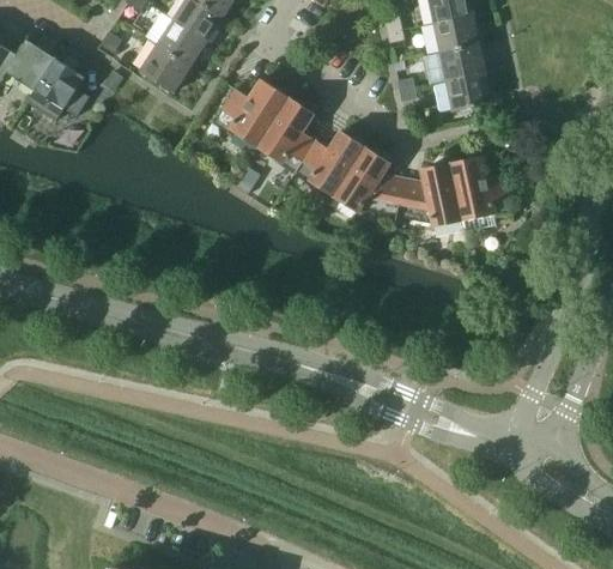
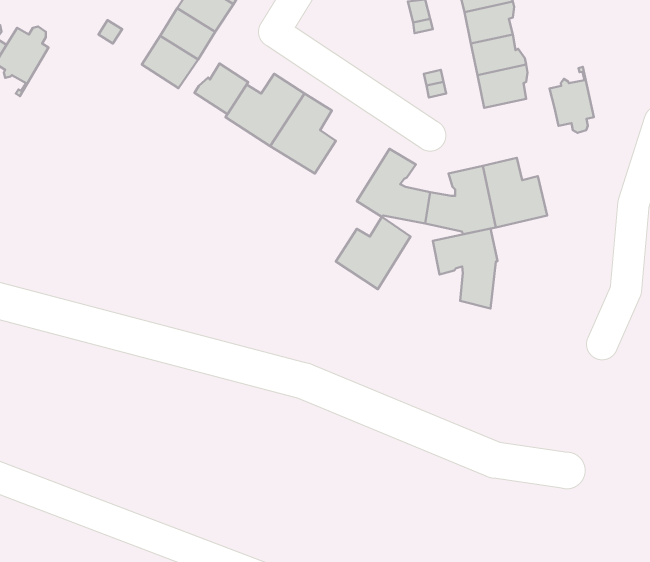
building: [26,54,84,117] -> none
building: none -> [194,63,248,114]
building: none -> [549,67,594,133]
building: [296,129,364,195] -> [336,217,411,289]
building: none -> [433,229,497,309]

